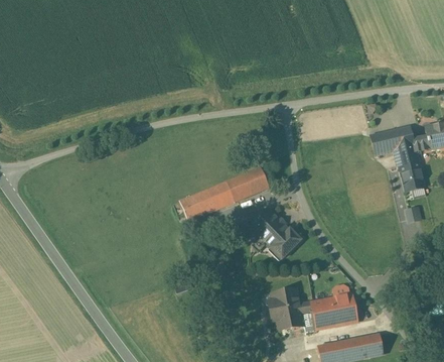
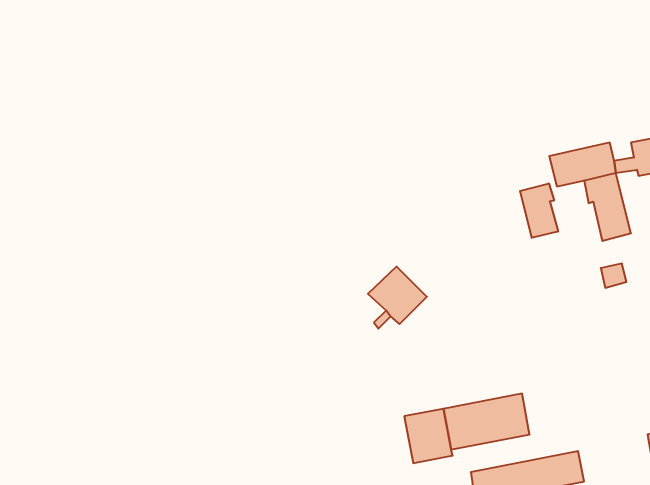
building: none -> [520,183,558,238]
building: [180,166,270,221] -> none
building: [269,228,302,260] -> none
building: [272,287,301,309] -> none

